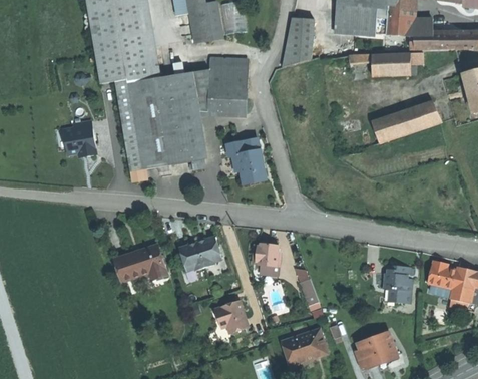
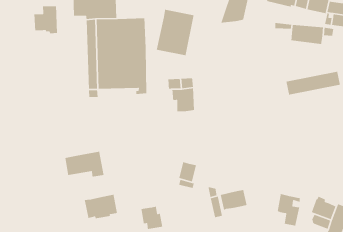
building: [188,68,210,110] -> none
building: [63,119,96,155] -> [34,6,58,34]
building: [177,235,221,270] -> [84,194,118,219]
building: none -> [220,189,247,211]

